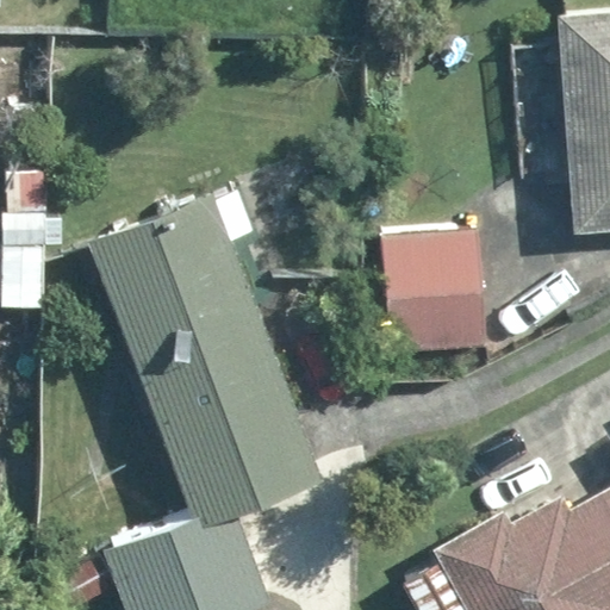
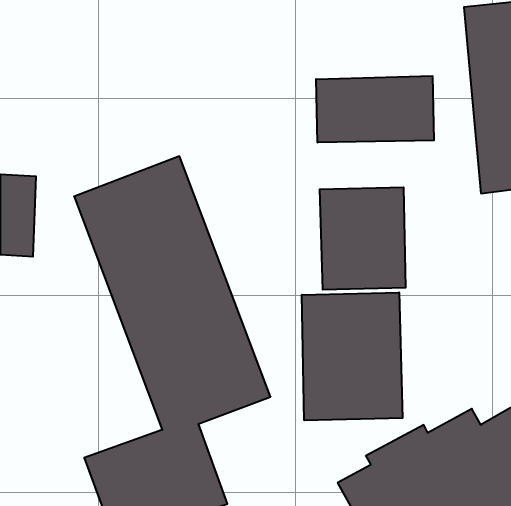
building: none -> [316,76,434,143]
building: none -> [302,292,403,420]

